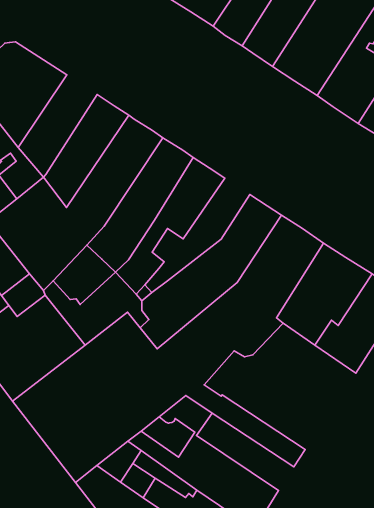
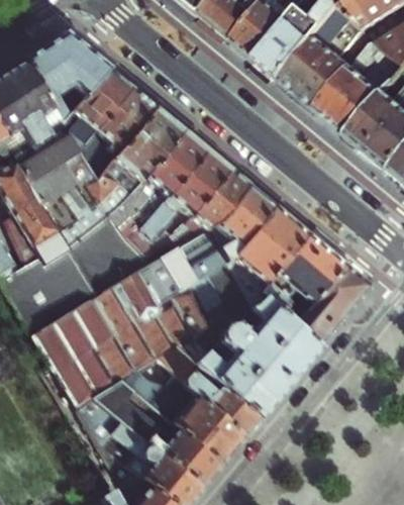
building: none -> [63,69,133,152]
building: none -> [168,170,250,249]
building: none -> [194,296,321,403]
building: none -> [183,364,261,434]

